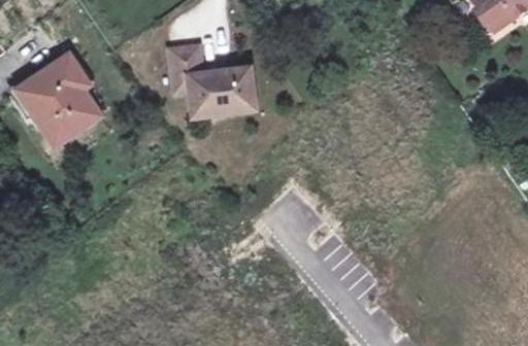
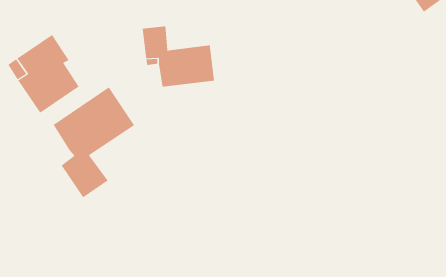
building: none -> [53,87,135,198]

